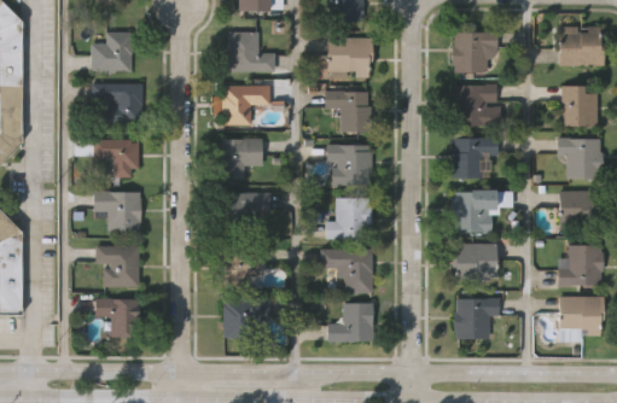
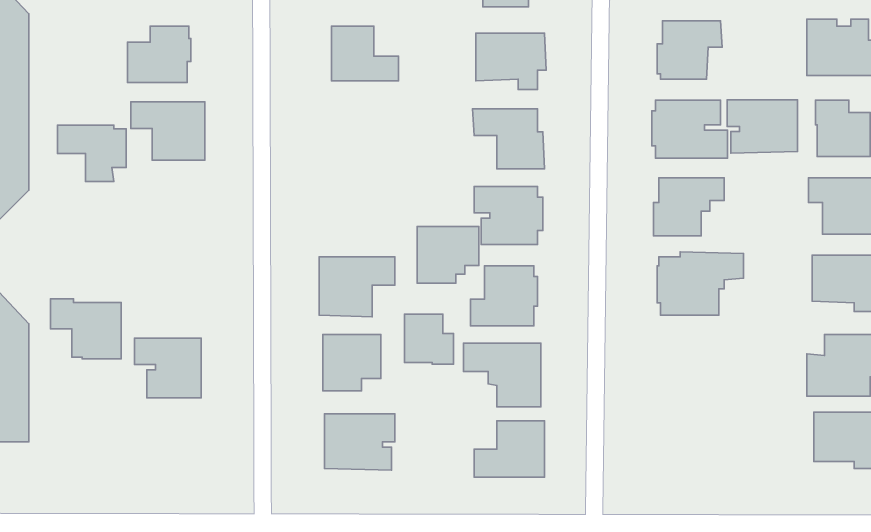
building: none -> [727,100,797,153]
building: [221,86,269,125] -> none
building: [92,139,139,177] -> [57,125,126,182]
building: [220,139,262,177] -> [417,227,479,283]
building: [92,189,140,230] -> [51,299,121,359]
building: none -> [404,314,453,364]
building: [449,243,497,282] -> none
building: [452,298,497,339] -> none
building: [93,300,138,339] -> none

